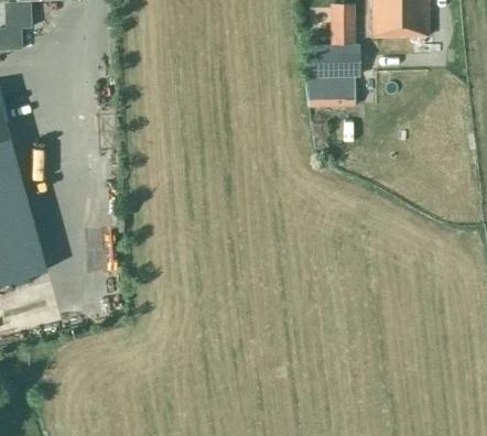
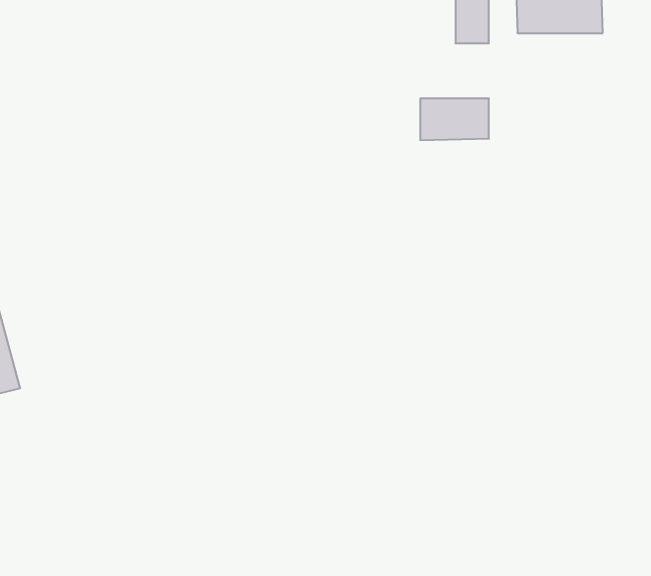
building: [306,44,358,75] -> none

